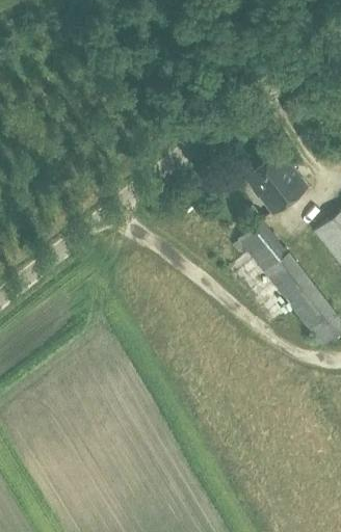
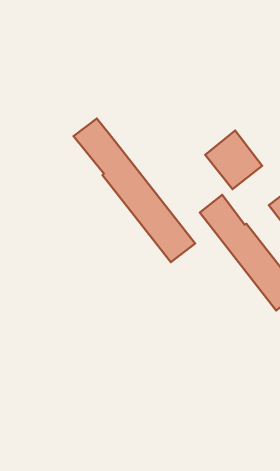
building: none -> [74,118,195,262]

